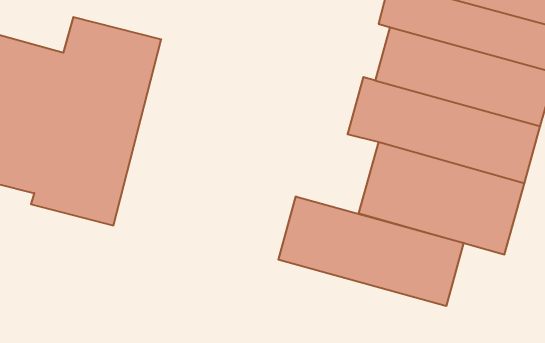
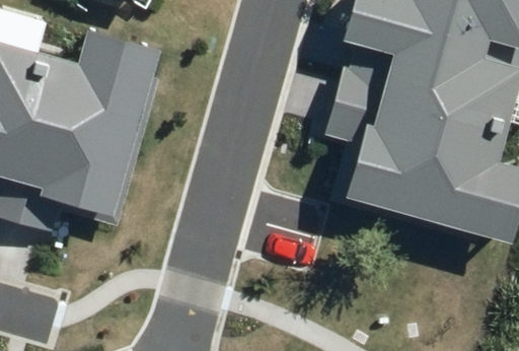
building: [278,196,464,306] -> none

